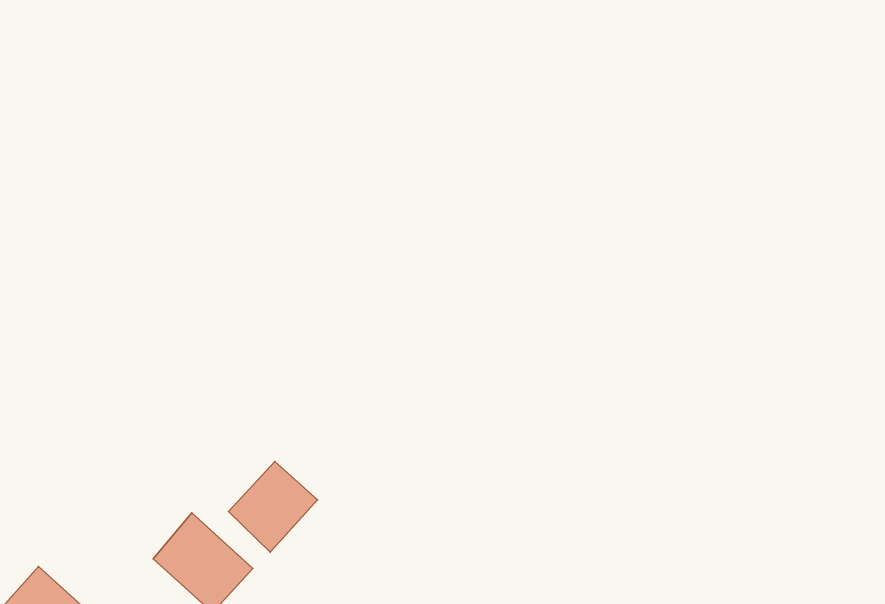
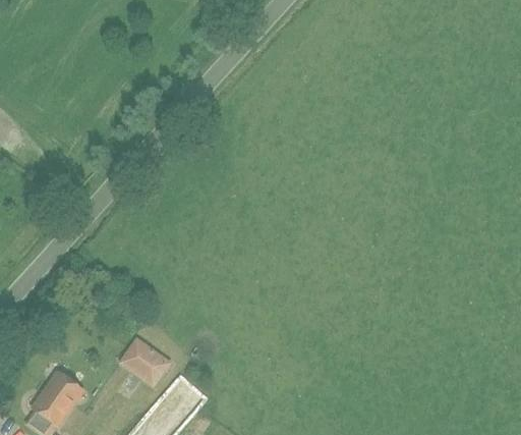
building: [229,461,318,552] -> none

